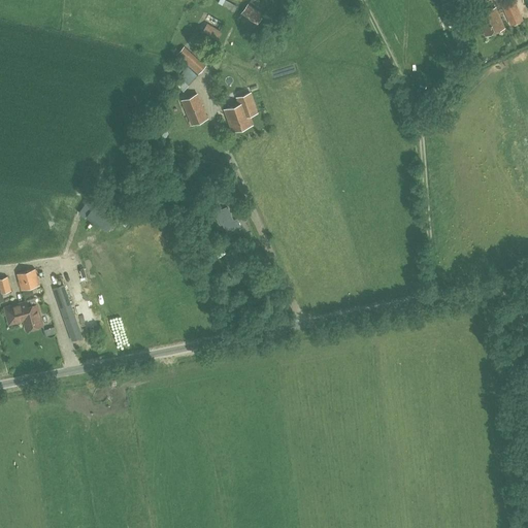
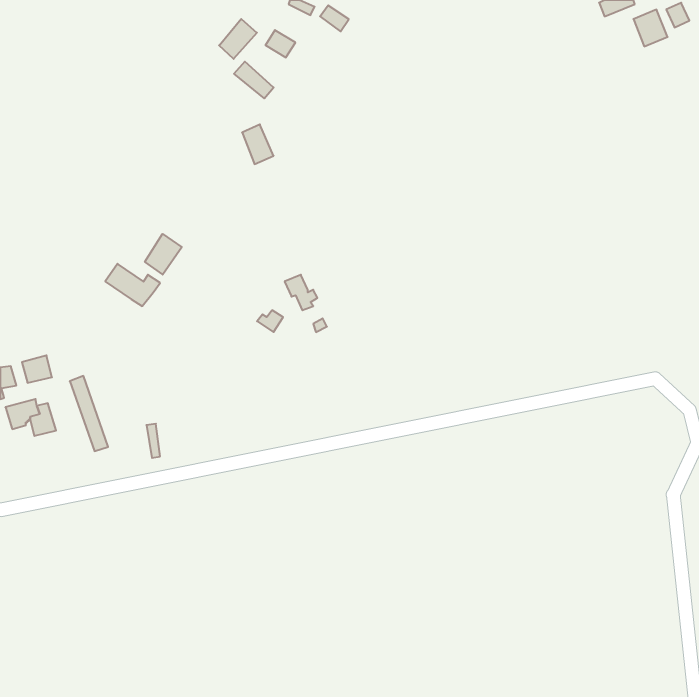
building: none -> [219,19,257,59]
building: [225,94,257,132] -> none
building: none -> [145,234,182,275]

